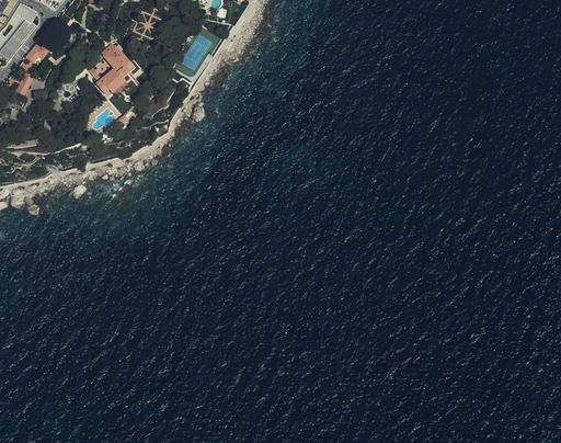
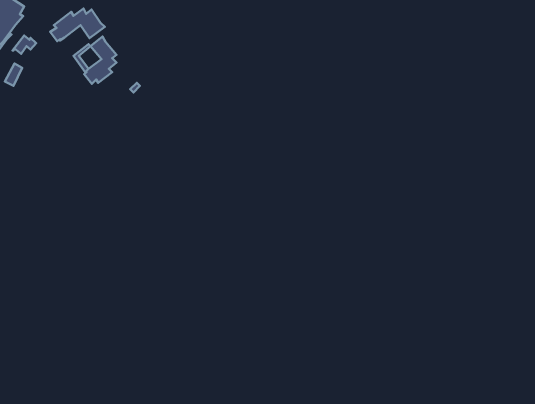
building: none -> [50,9,105,41]

